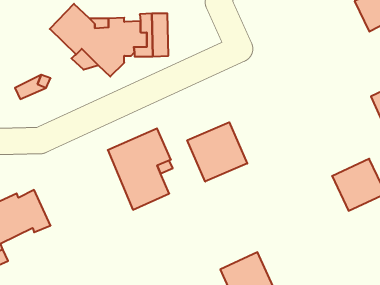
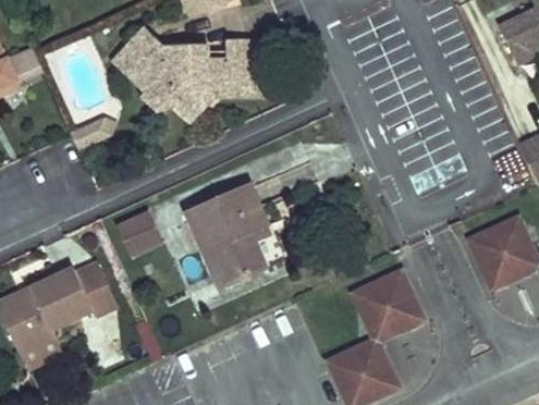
building: [187,122,247,182] -> none
building: none -> [118,211,158,254]
building: none -> [355,274,424,340]

